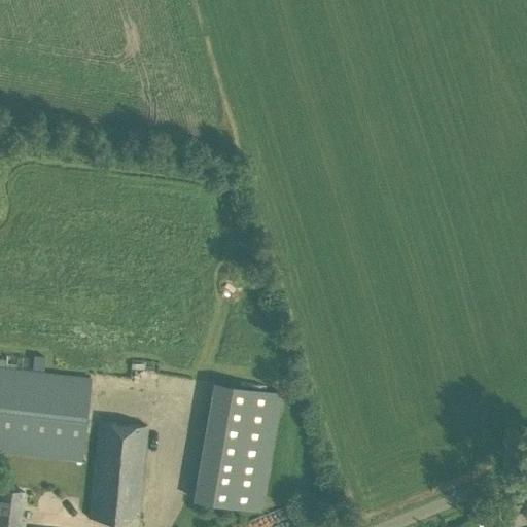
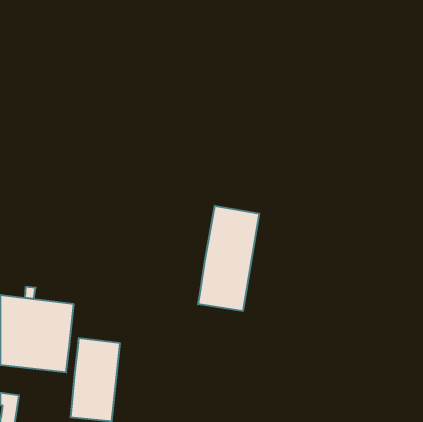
building: none -> [198,206,259,311]
building: [192,384,282,513] -> none

